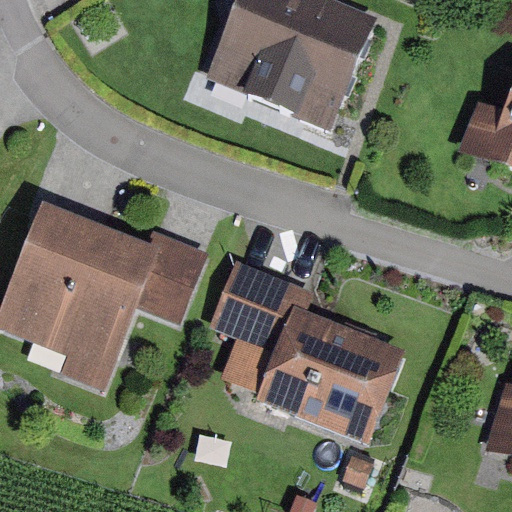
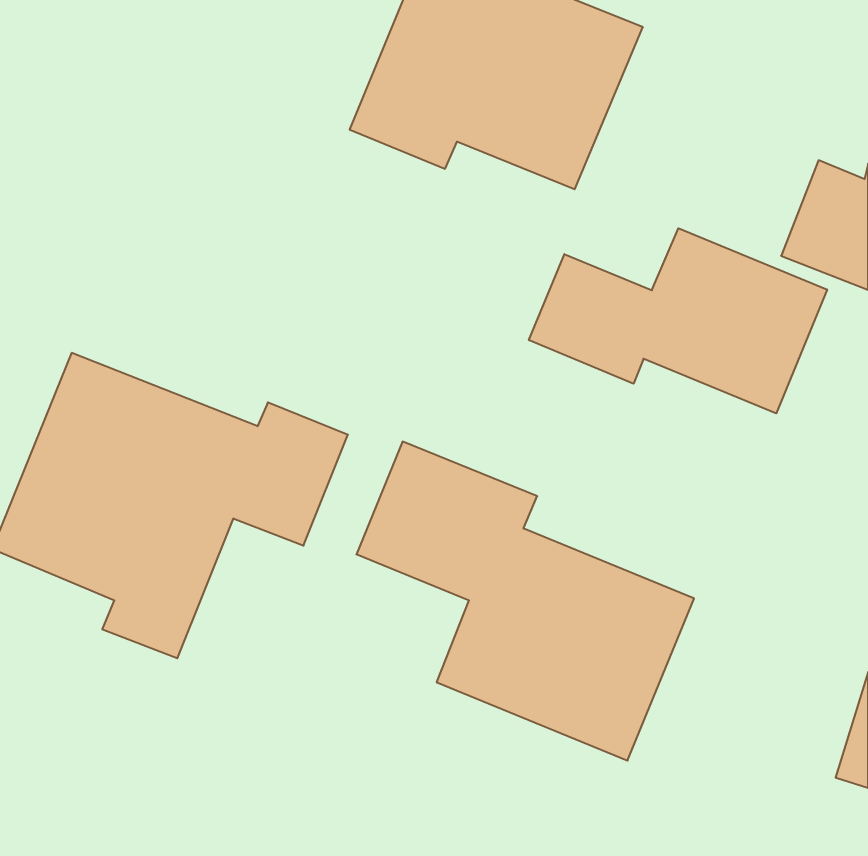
building: none -> [529,228,827,413]

